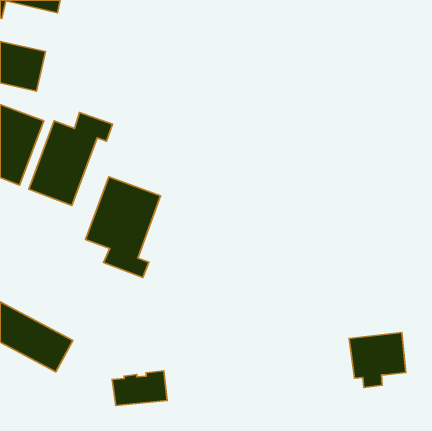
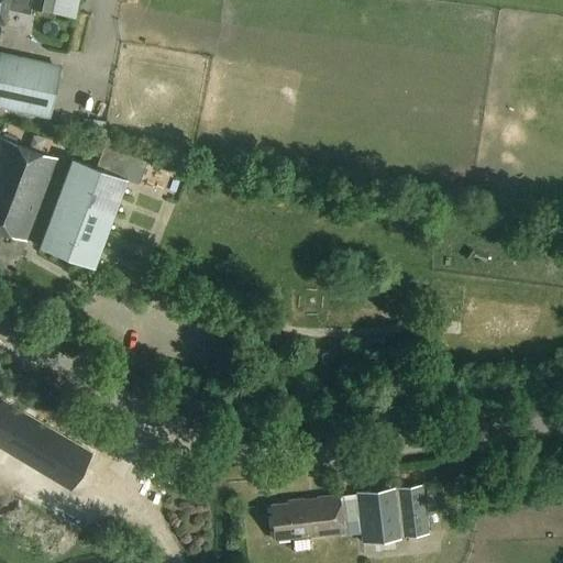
building: [85,177,160,277] -> none
building: [349,333,406,388] -> [355,485,429,556]
building: [112,371,167,406] -> [271,497,342,542]

